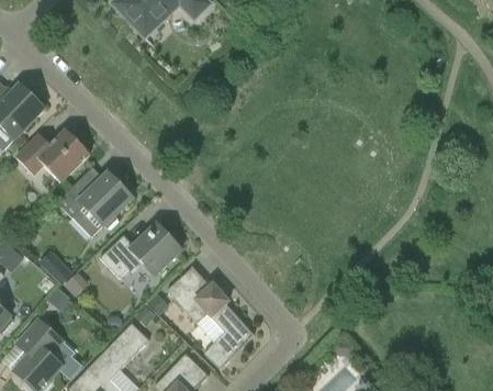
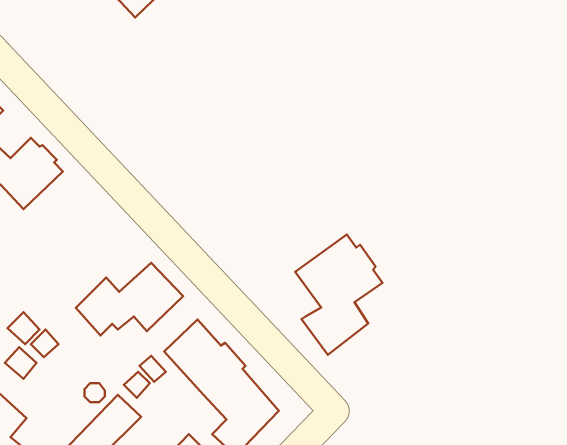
building: [56,171,133,228] -> none
building: none -> [295,234,382,355]

